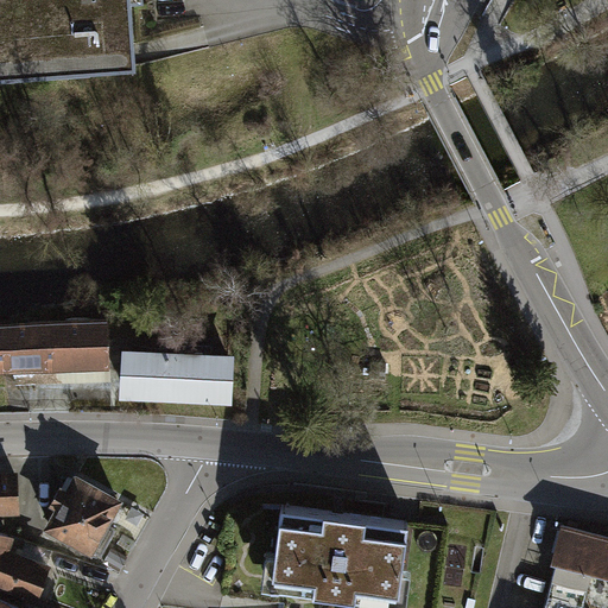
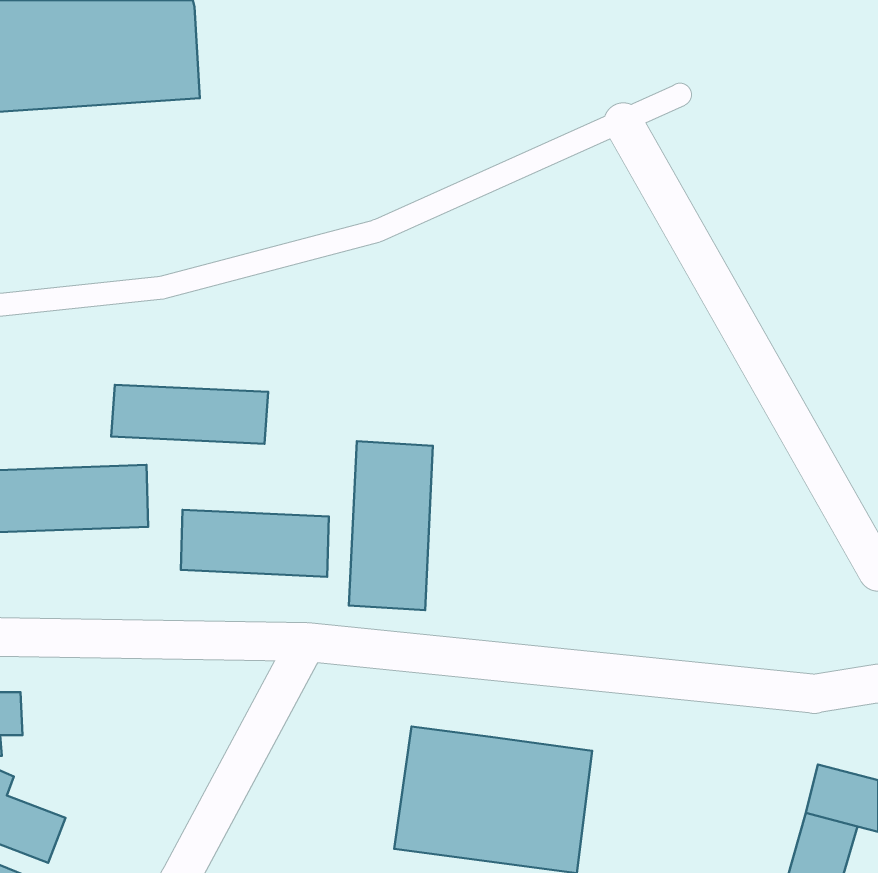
building: none -> [111,385,268,444]
building: none -> [349,441,433,610]
building: [43,481,115,559] -> none

